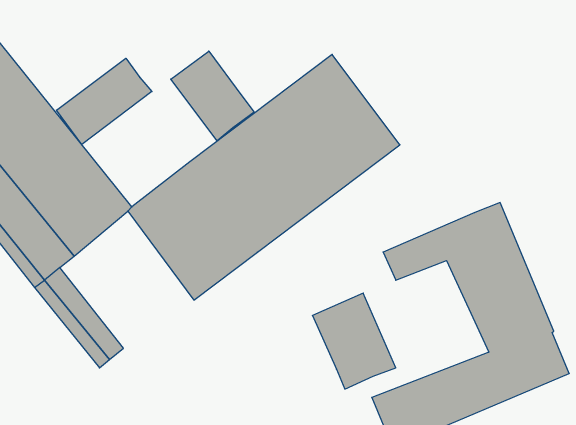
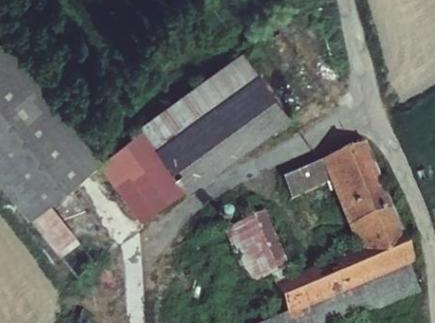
building: [171,51,254,141] -> none
building: [56,58,152,145] -> none

